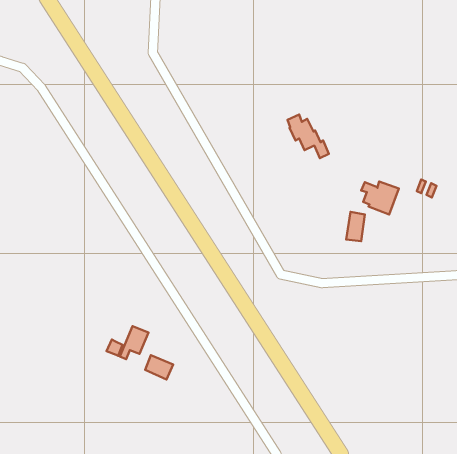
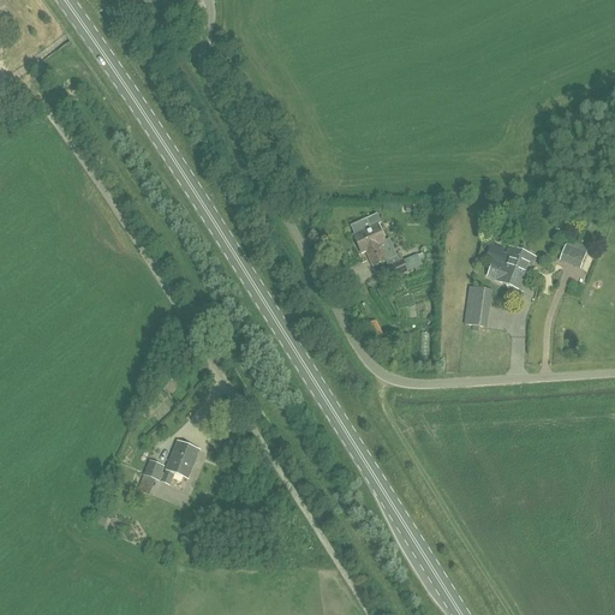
building: [288,115,329,158] -> [351,215,406,274]
building: [145,355,173,379] -> none

